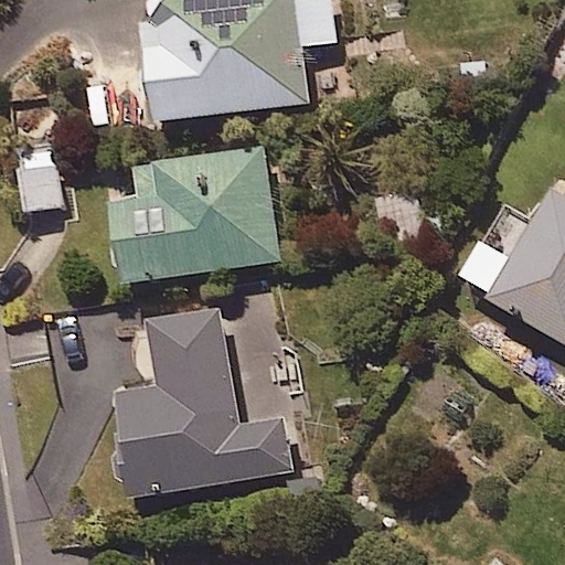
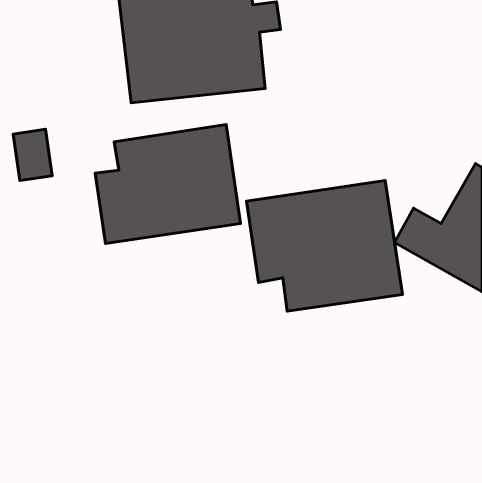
building: none -> [247,181,402,311]
building: [113,307,290,498] -> none

